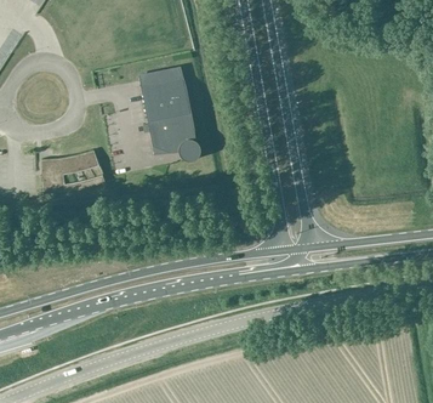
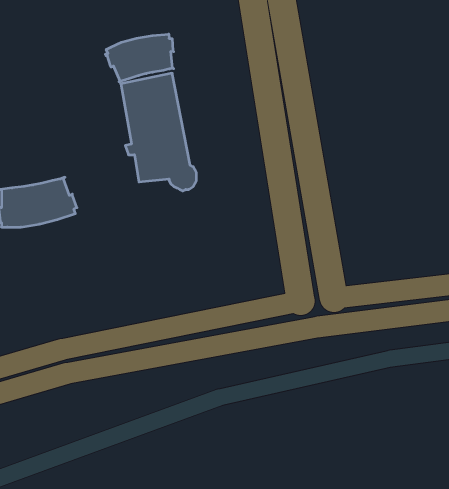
building: none -> [105,34,174,82]

